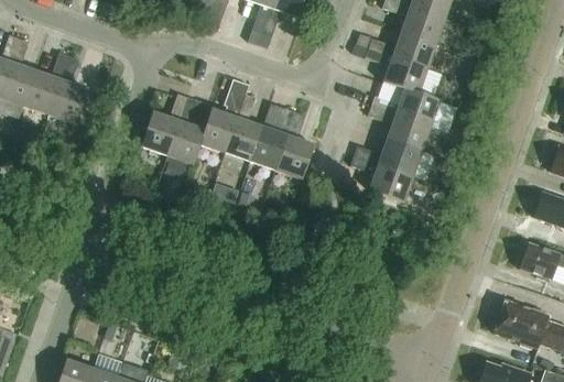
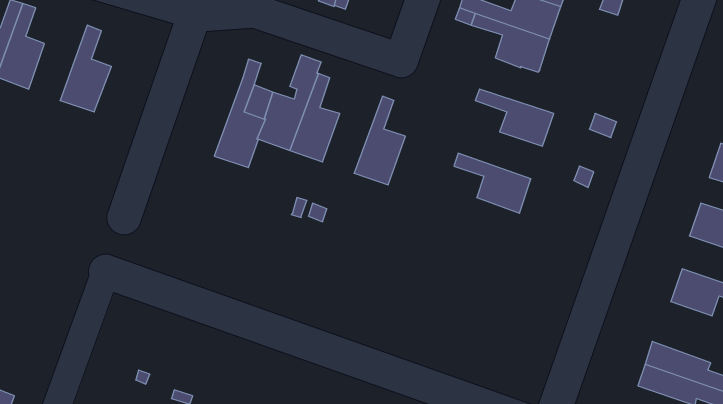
building: [24,53,69,114] -> none
building: [372,88,438,124] -> none
building: [141,94,189,157] -> none
building: [251,102,297,171] -> none
building: [356,139,421,175] -> none

